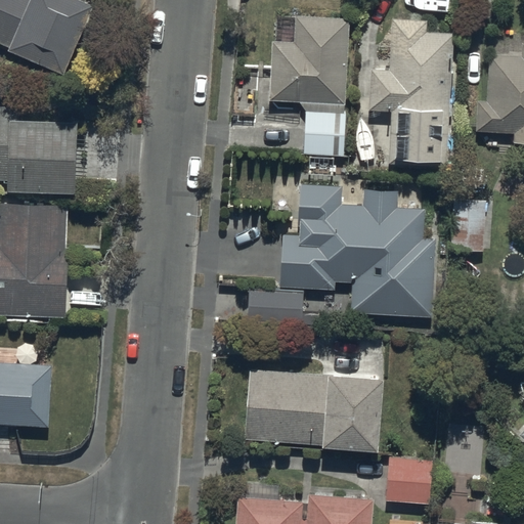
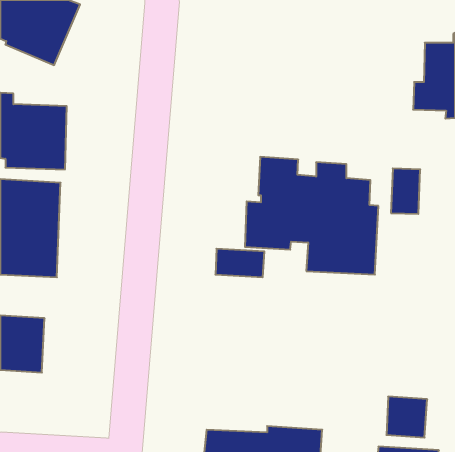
building: [270,15,348,154] -> none
building: [368,17,452,157] -> none
building: [241,363,383,444] -> none
building: [385,455,432,503] -> [386,397,427,438]

